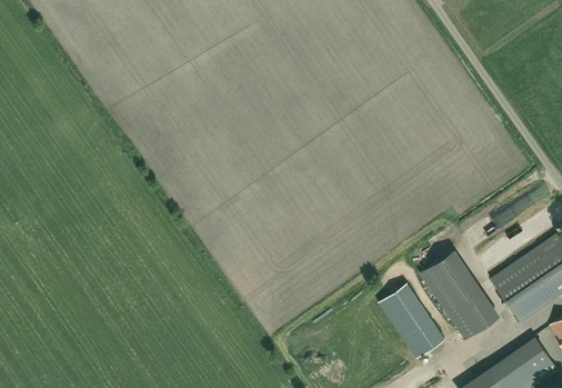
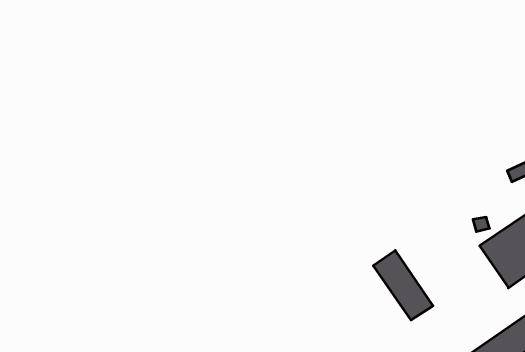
building: [420,255,491,338] -> none

